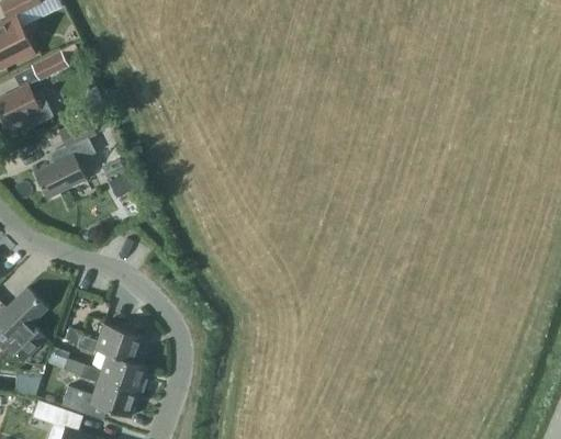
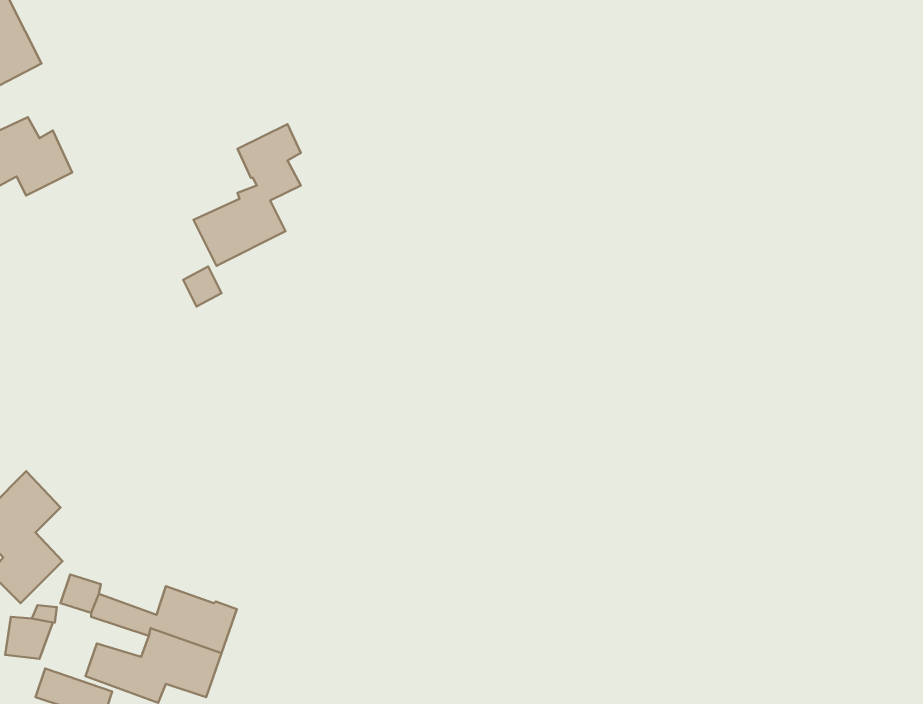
building: [30,49,67,80] -> none
building: [33,117,94,199] -> [193,124,301,266]
building: [75,323,142,362] -> none

